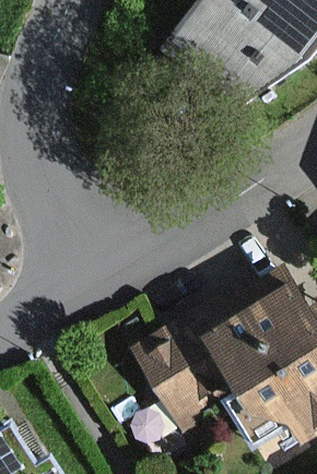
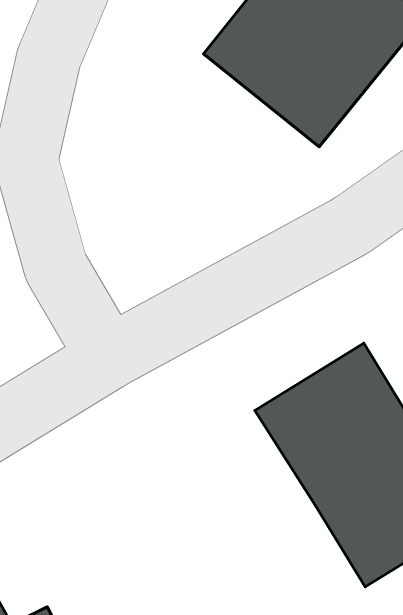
building: [136,316,248,429] -> none

